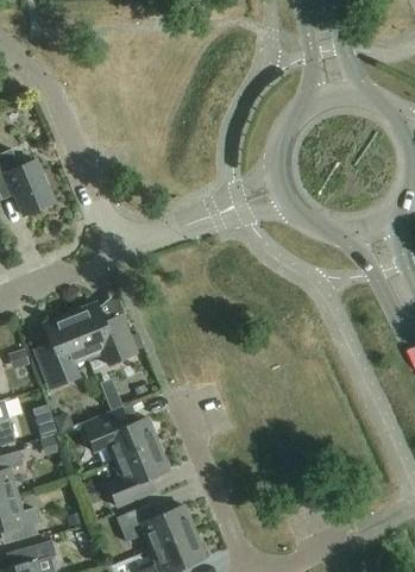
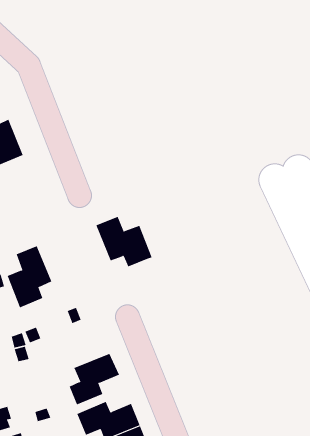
building: [69,302,138,364] -> [96,216,152,267]
building: [84,411,157,461] -> none

